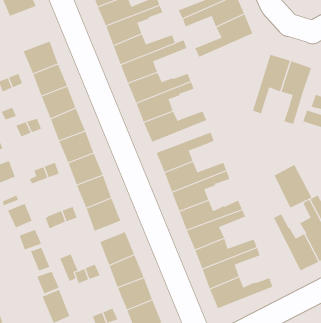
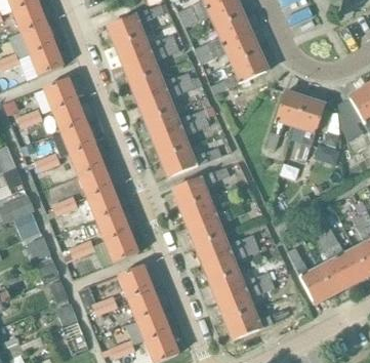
building: none -> [29,43,64,76]
building: [274,164,312,209] -> none

